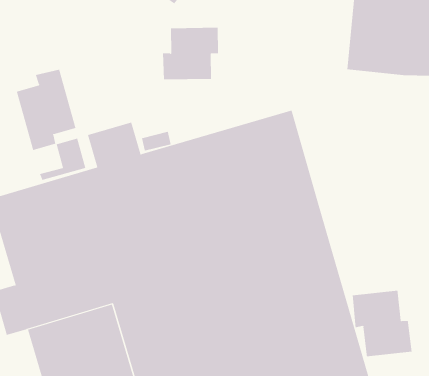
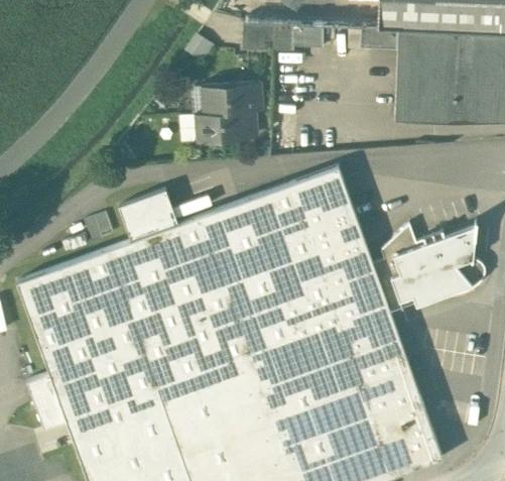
building: [16,69,76,151] -> none
building: none -> [373,221,485,309]
building: [352,290,412,357] -> none

